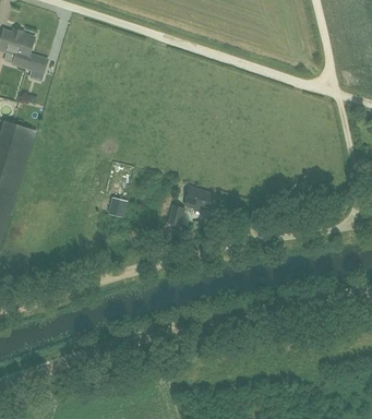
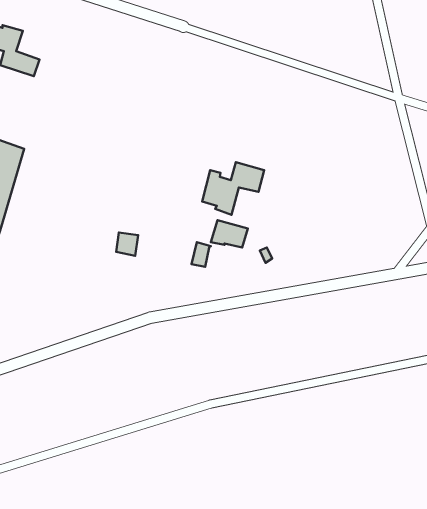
building: none -> [202,162,264,215]

